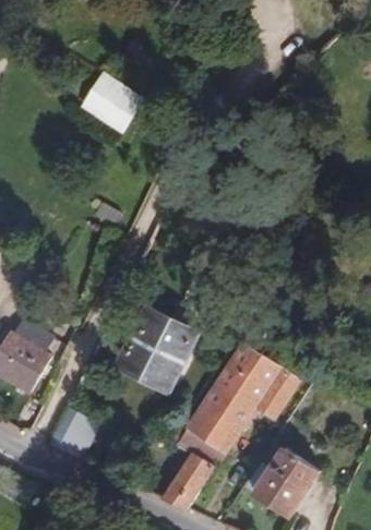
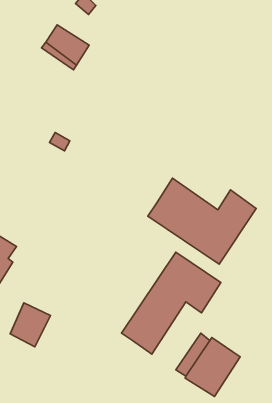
building: none -> [148,178,256,264]
building: [122,311,193,383] -> none
building: [160,449,216,508] -> none

